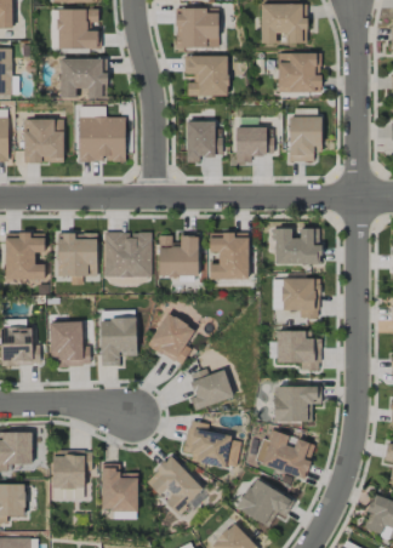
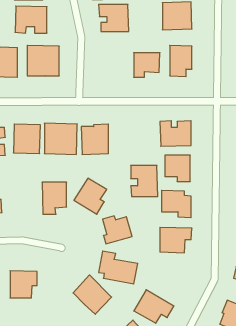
building: [186,121,221,162] -> none
building: [209,233,249,279] -> [131,165,158,197]
building: [49,321,90,367] -> none
building: [261,430,315,479] -> none
building: [101,464,138,510] -> none

